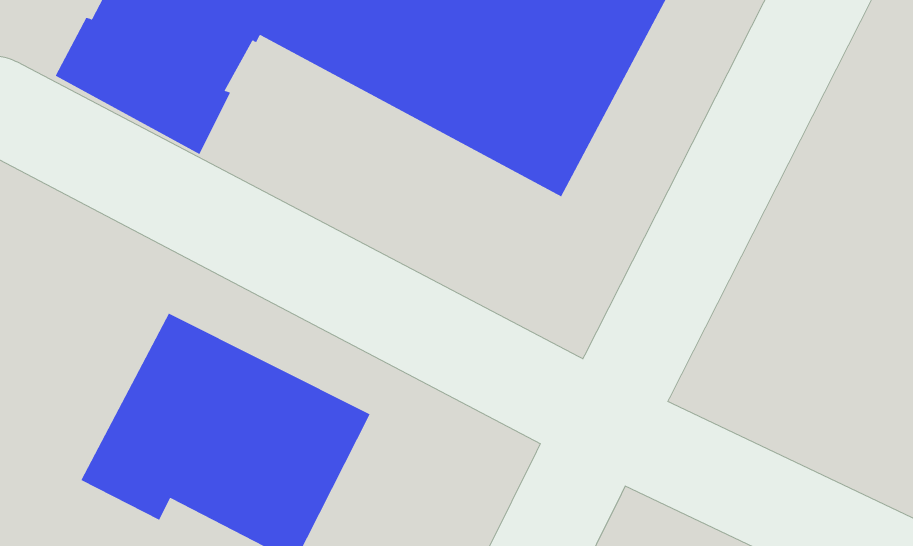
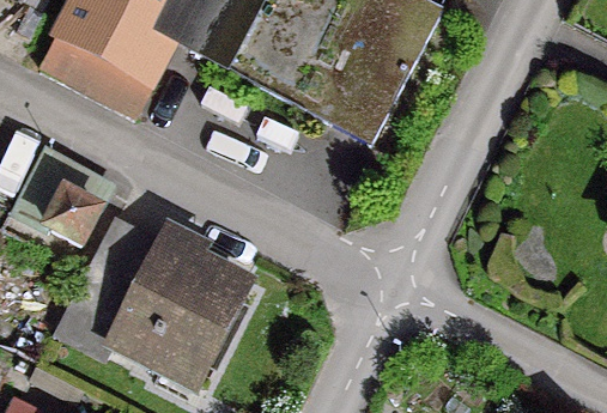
building: none -> [16,153,109,244]

